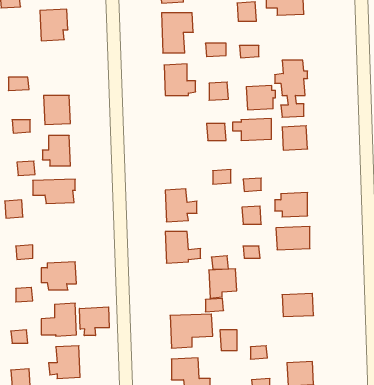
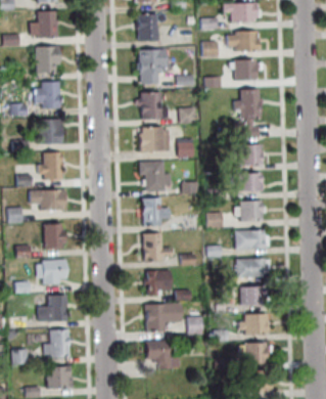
building: none -> [36,82,60,108]
building: [246,86,275,110] -> [233,60,258,81]
building: none -> [140,128,169,152]
building: [233,119,271,140] -> [229,174,262,192]
building: none -> [139,162,171,192]
building: none -> [45,224,66,249]
building: none -> [236,259,266,278]
building: [209,269,237,298] -> [147,271,171,296]
building: [80,307,109,336] -> none
building: none -> [240,314,268,336]

